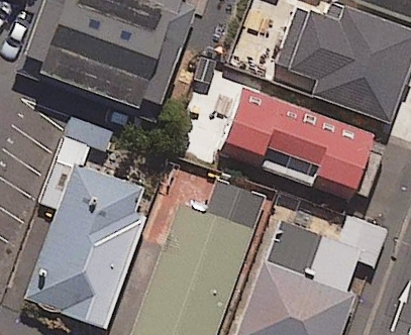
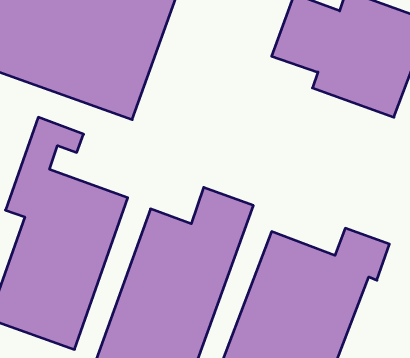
building: [221,90,373,198] -> none

